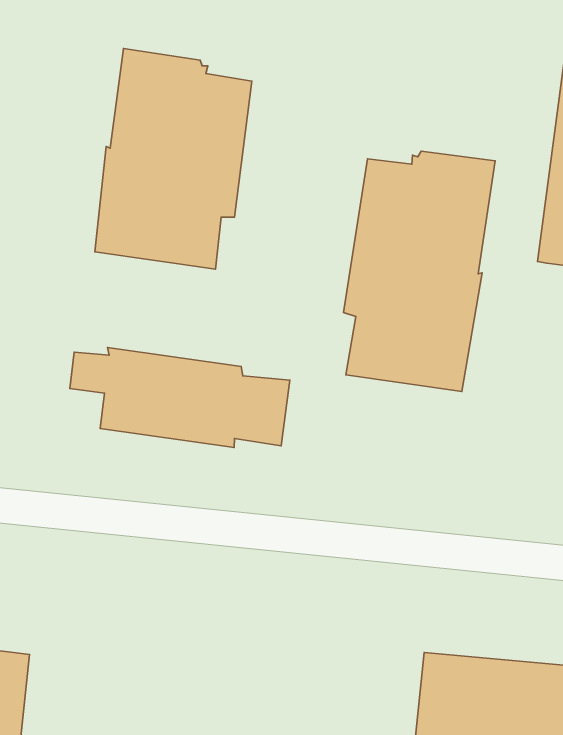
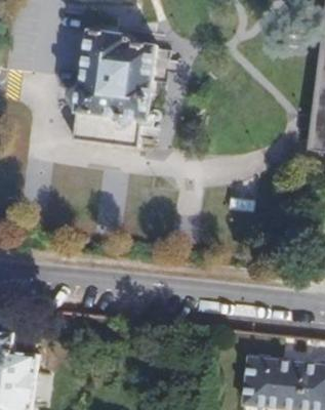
building: [343,151,495,391] -> none
building: [70,347,290,448] -> none

